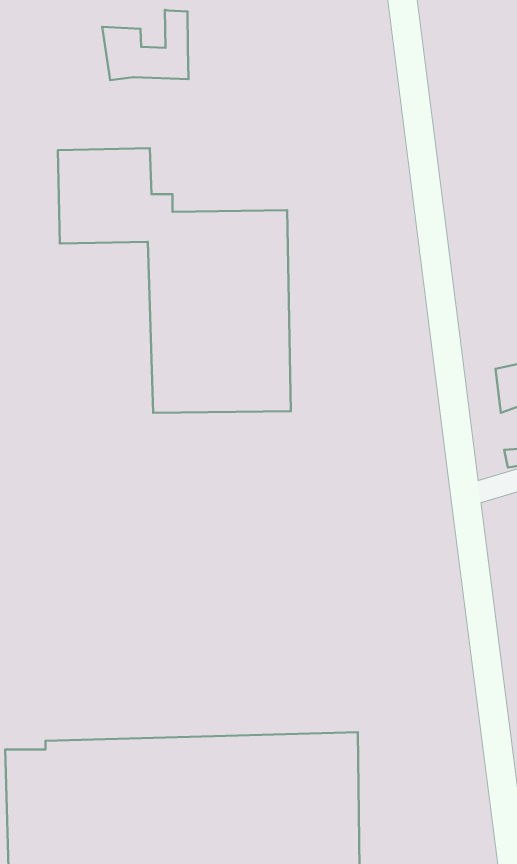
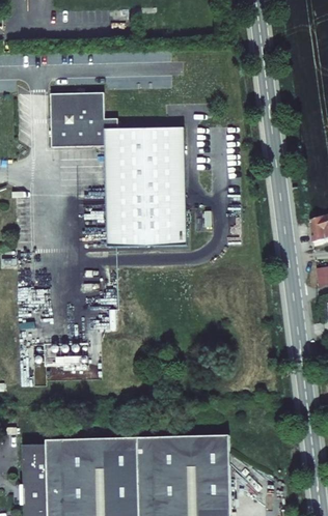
building: [102,10,189,80] -> none

